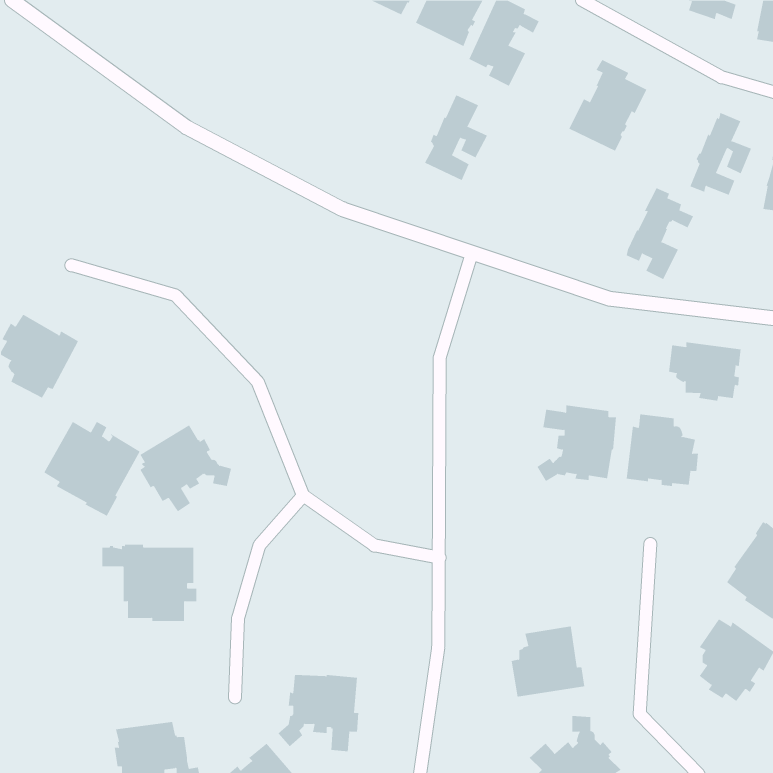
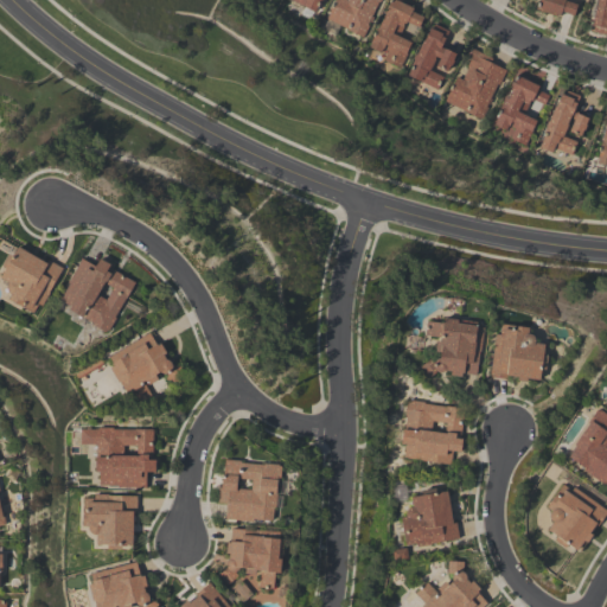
building: [424,95,488,181] -> [408,23,458,90]
building: [626,187,694,280] -> [496,72,549,145]
building: [668,341,741,401] -> none
building: [44,421,141,517] -> [59,260,135,334]
building: none -> [402,401,465,462]
building: none -> [218,460,282,522]
building: none -> [83,494,139,550]

